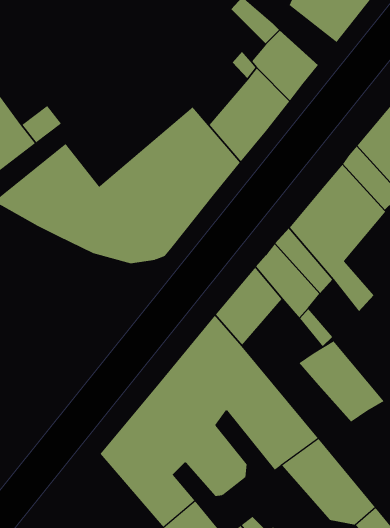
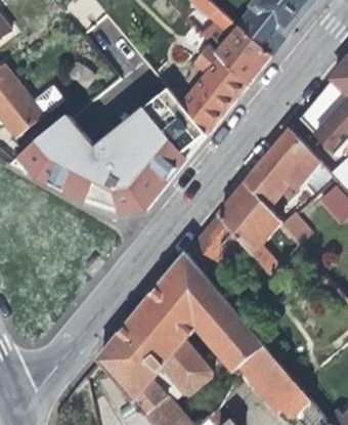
building: none -> [232,7,282,54]
building: [298,340,384,423] -> none

